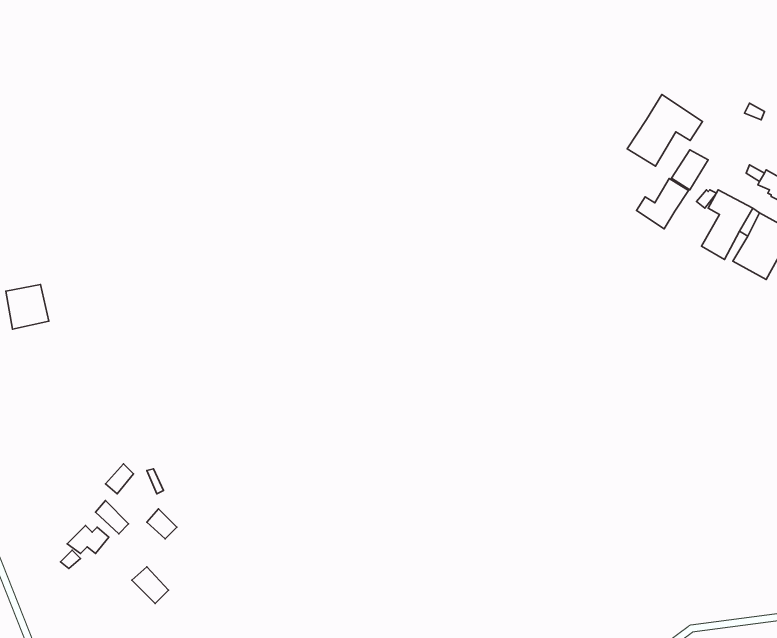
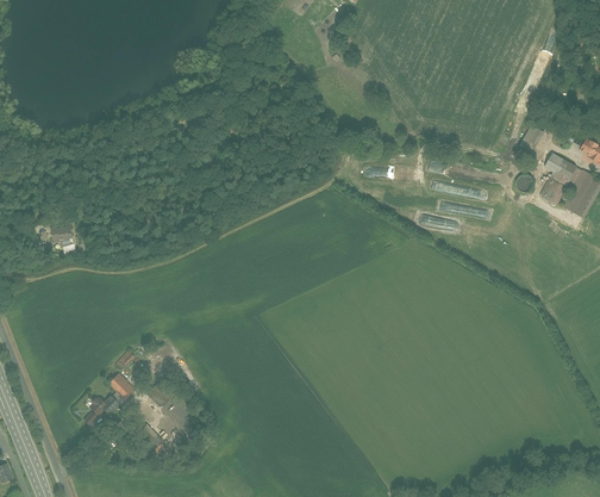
building: [627,94,702,166] -> none
building: [636,179,689,229] -> none

